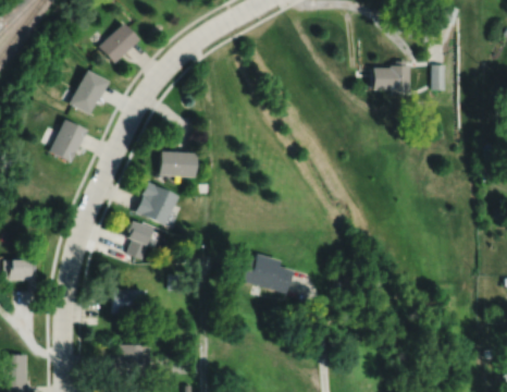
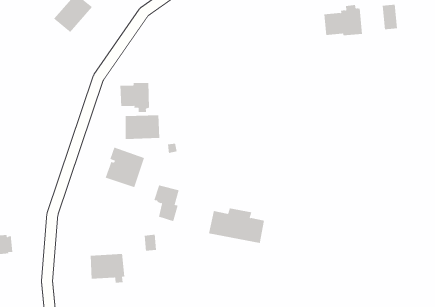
building: [70,70,109,114] -> none
building: none -> [120,82,150,113]
building: [49,119,86,162] -> none
building: [124,221,151,260] -> [153,185,179,222]

